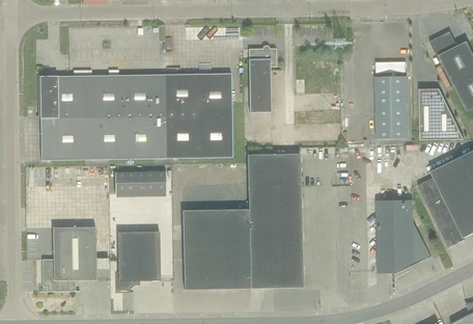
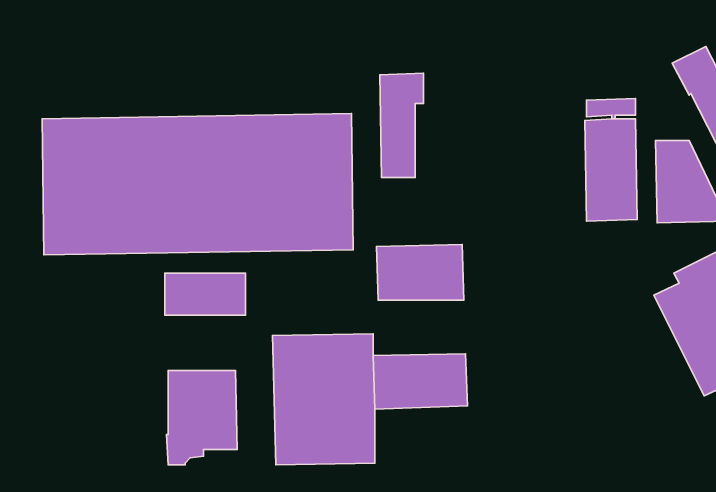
building: [245,187,302,221] -> none
building: [372,200,429,272] -> none
building: [43,225,96,290] -> none
building: [246,252,304,288] -> none

